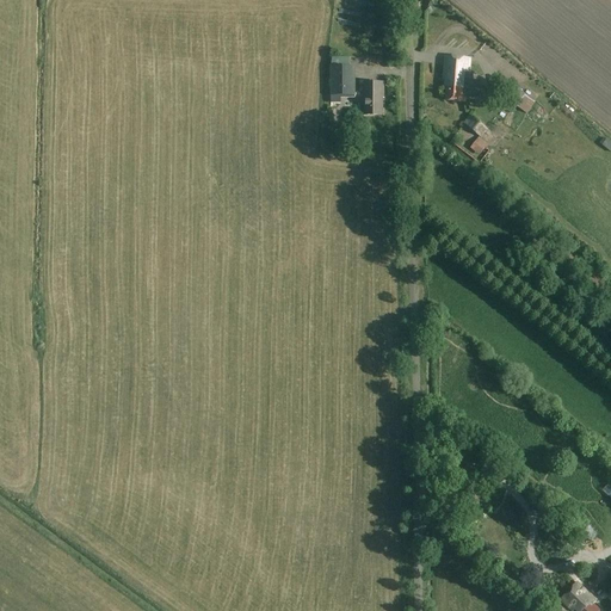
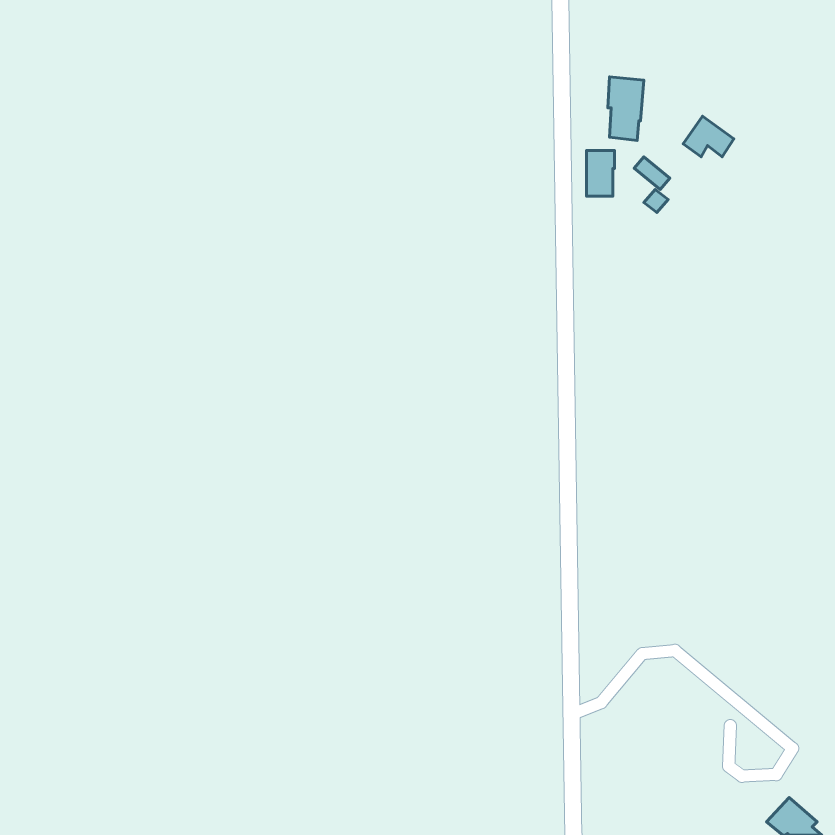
building: [331,66,357,95] -> none
building: [364,82,384,116] -> [587,150,614,196]

